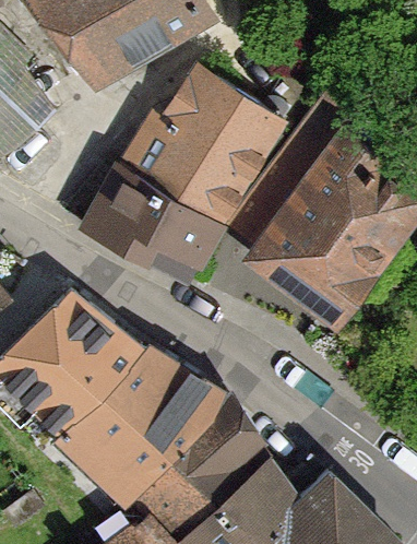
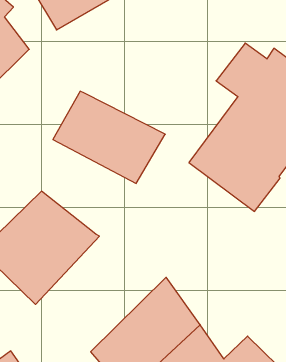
building: [123,72,282,217] -> none
building: [62,344,225,488] -> none

